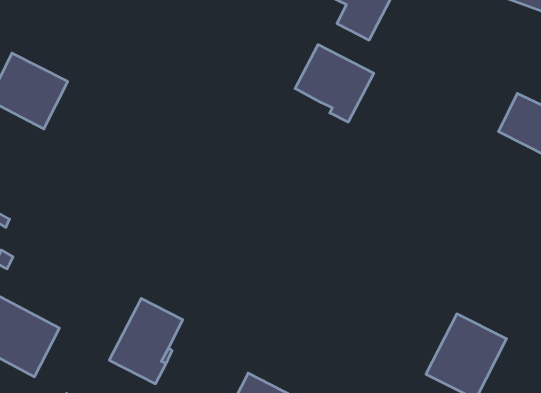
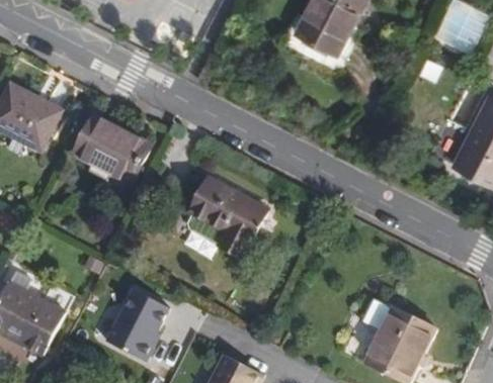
building: [295,45,374,122] -> none
building: none -> [71,118,146,183]
building: none -> [190,181,266,261]

